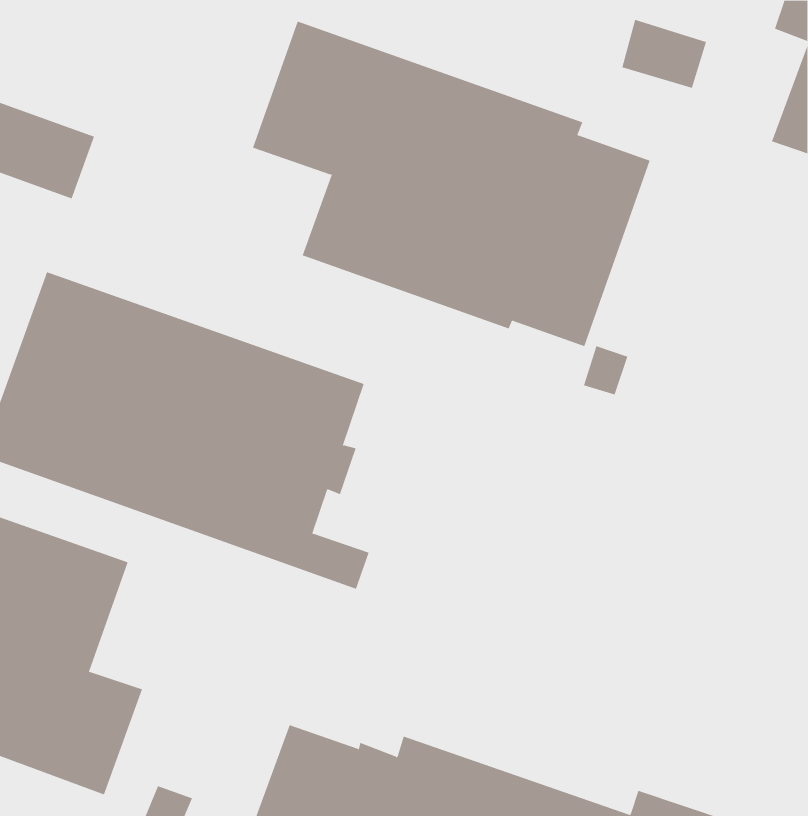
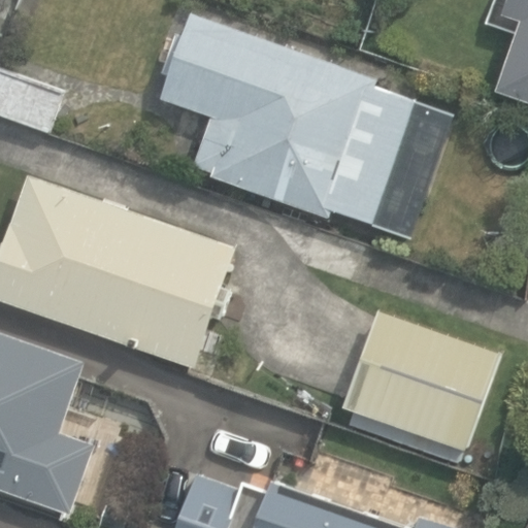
building: none -> [344,311,497,450]

